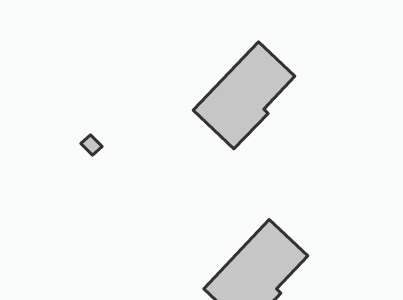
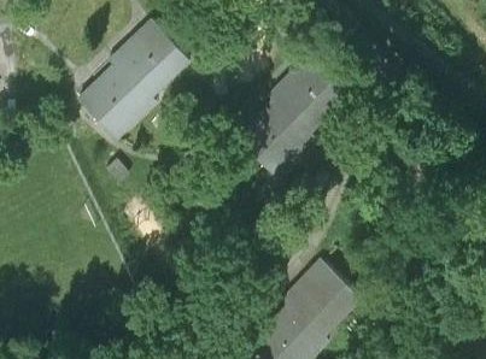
building: none -> [78,20,192,141]

